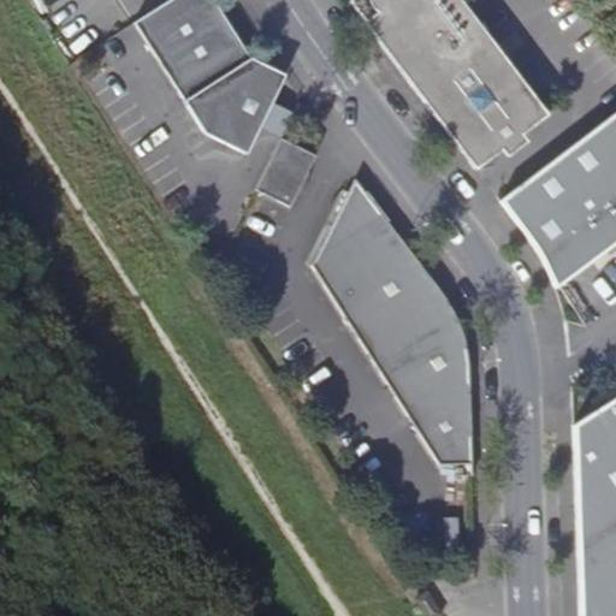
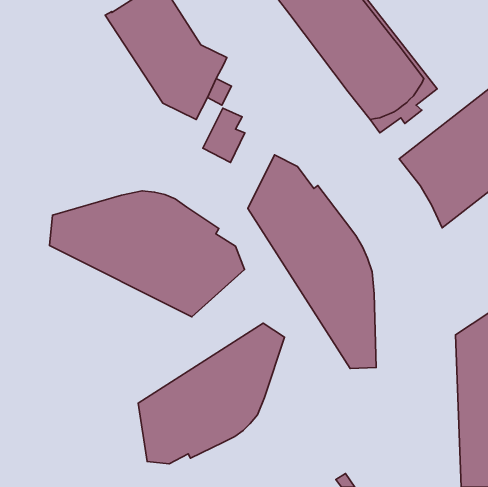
building: none -> [49,191,244,317]
building: none -> [138,323,285,464]

